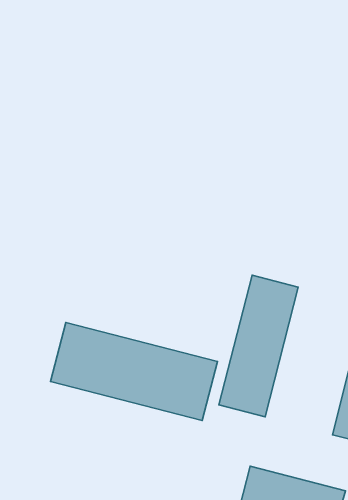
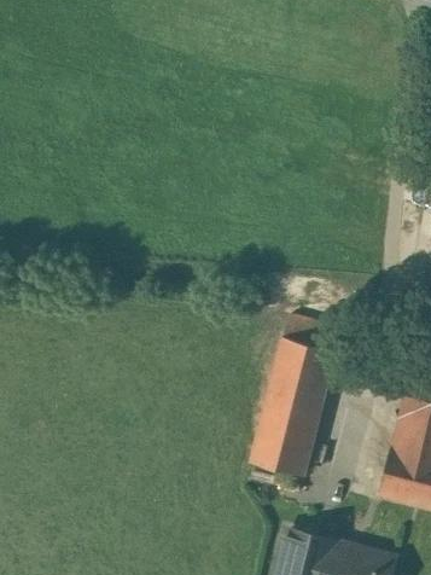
building: [51,323,217,420] -> none

